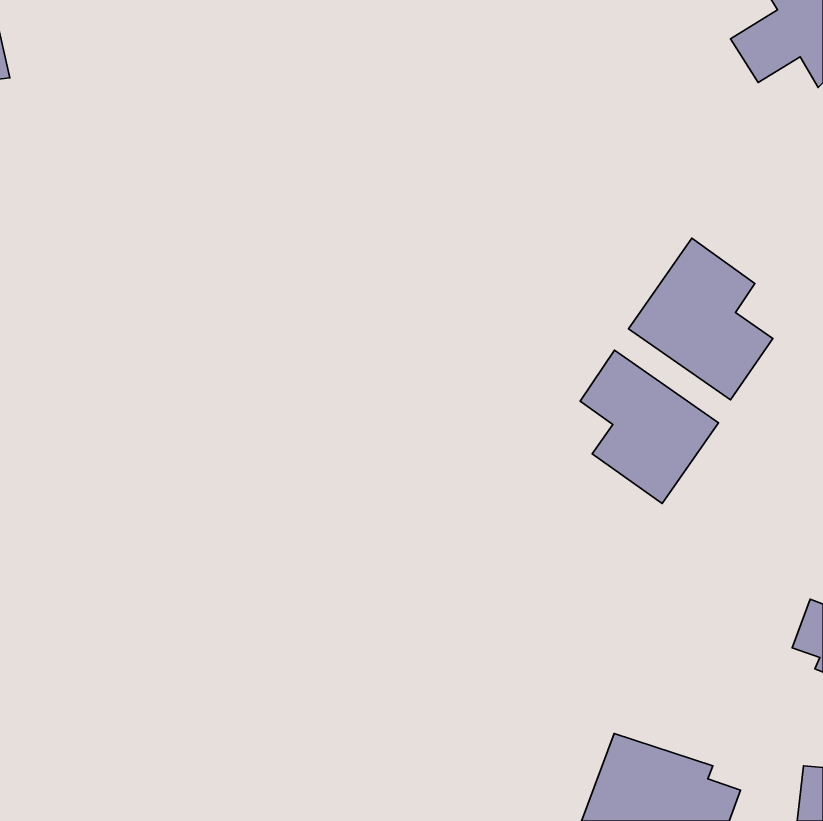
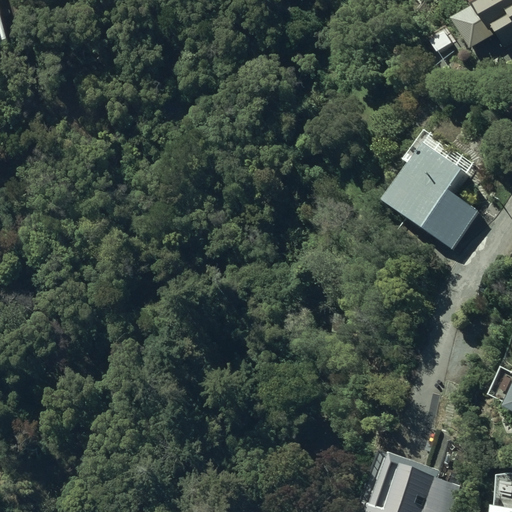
building: [580,350,718,503] -> none

